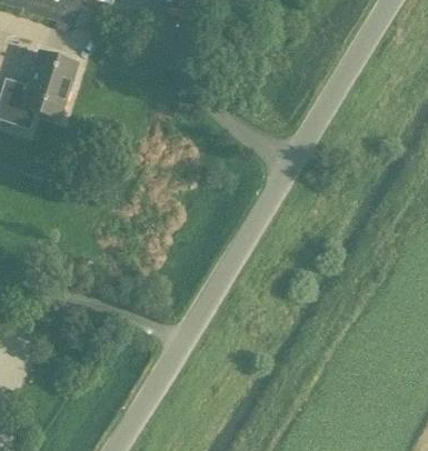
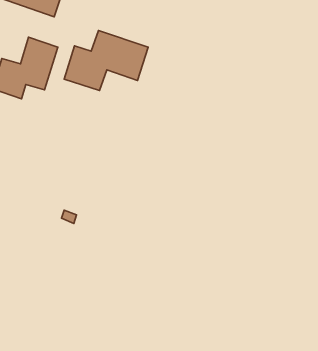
building: none -> [64,31,148,91]

